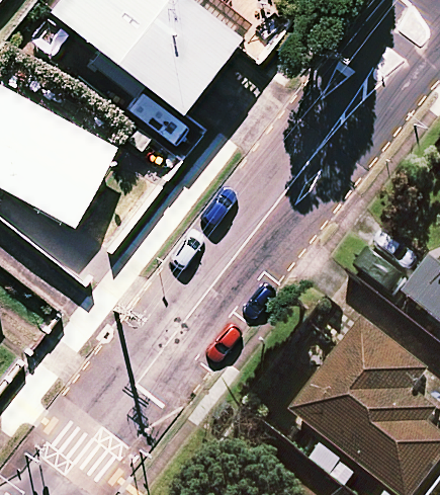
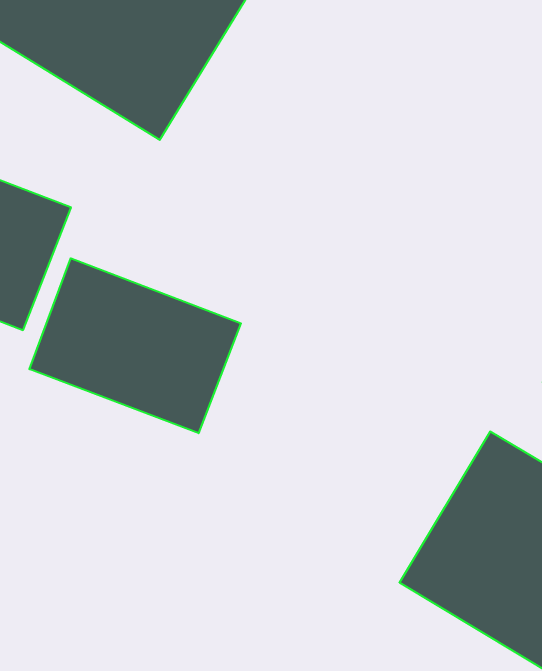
building: none -> [29,258,241,433]

